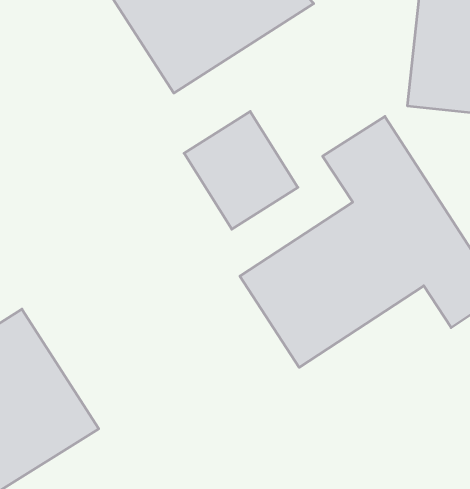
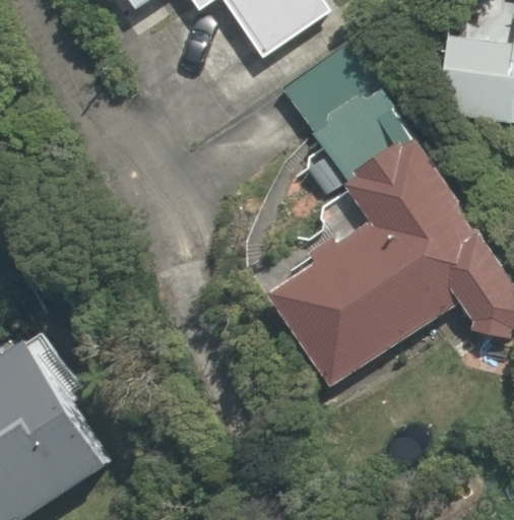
building: [184,111,298,229] -> [283,32,402,155]

